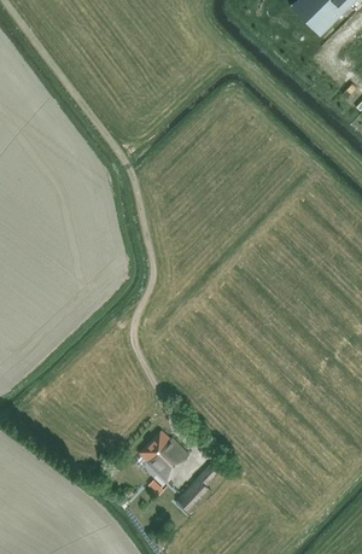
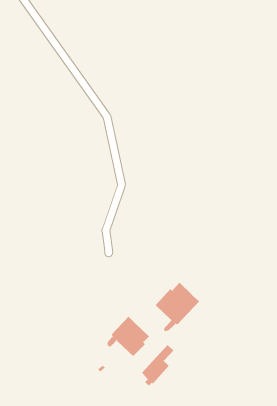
building: none -> [155,282,200,332]

